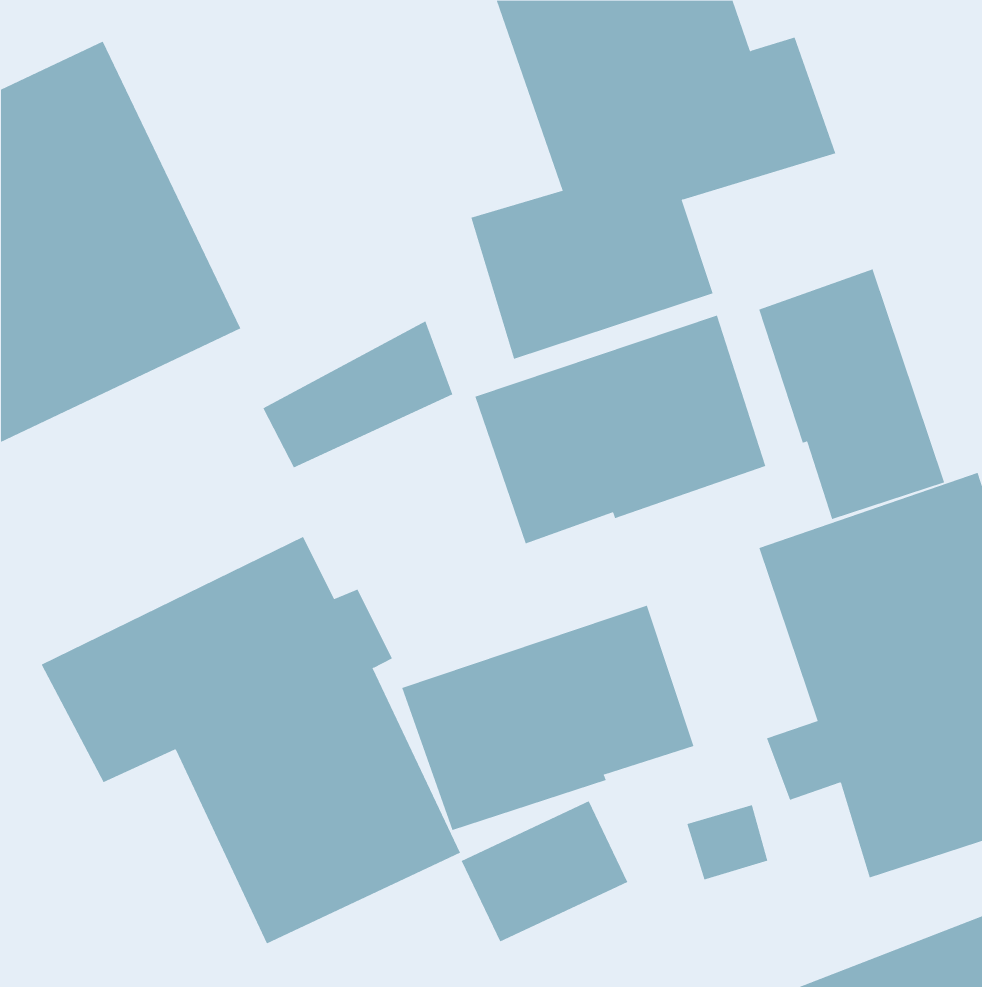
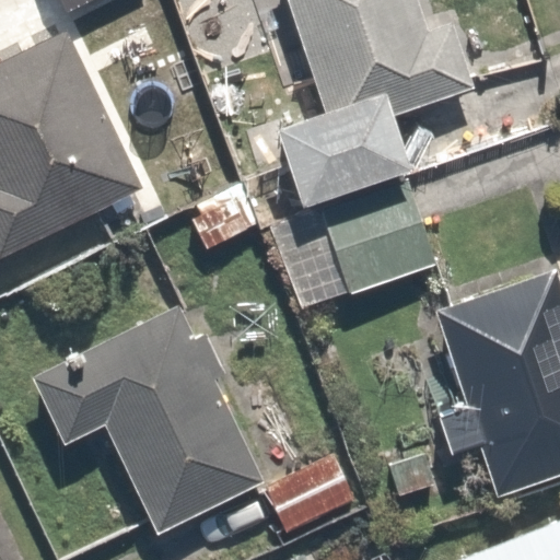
building: [758,269,945,520] -> none
building: [401,605,694,831] -> none

